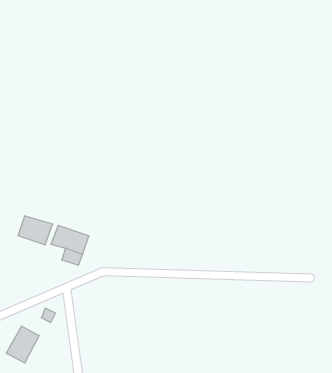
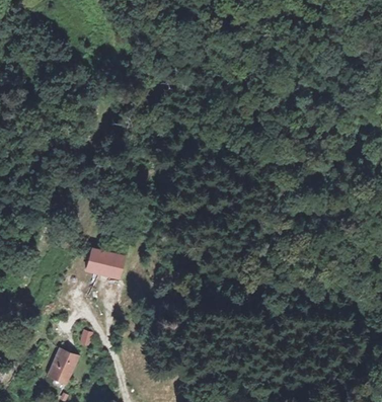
building: [18,216,52,245] -> none

